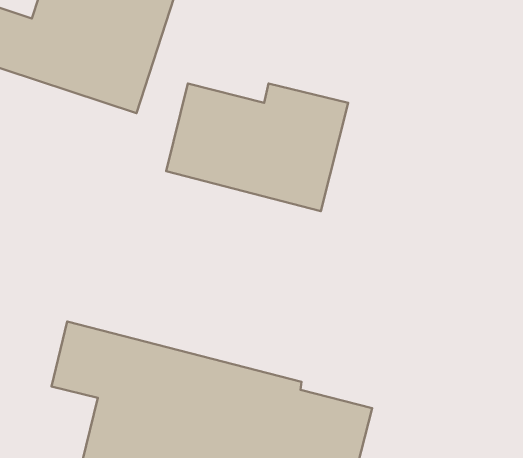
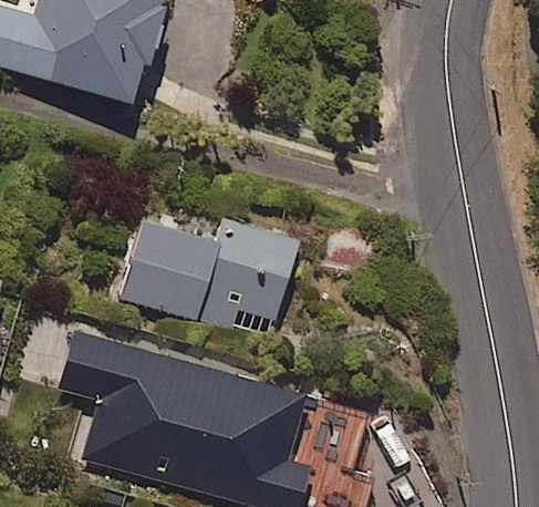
building: [166,83,348,211] -> [118,214,296,338]

